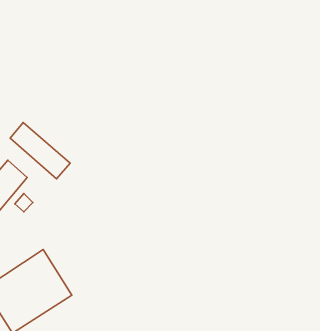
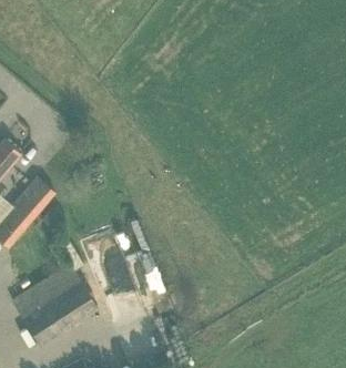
building: [10,123,70,179] -> none

